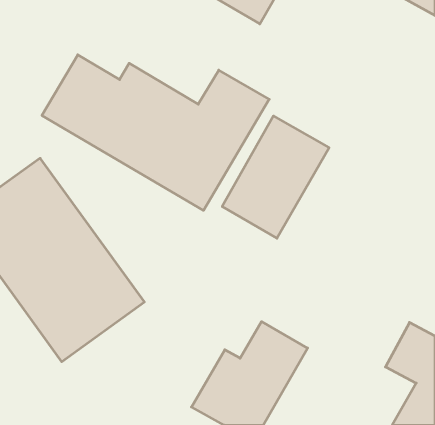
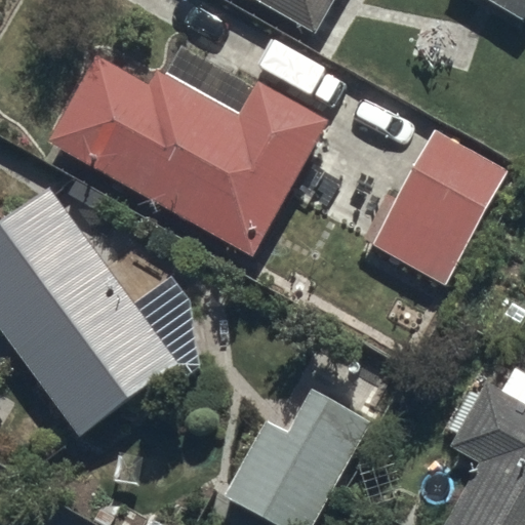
building: [222,116,329,238] -> [380,133,509,280]

